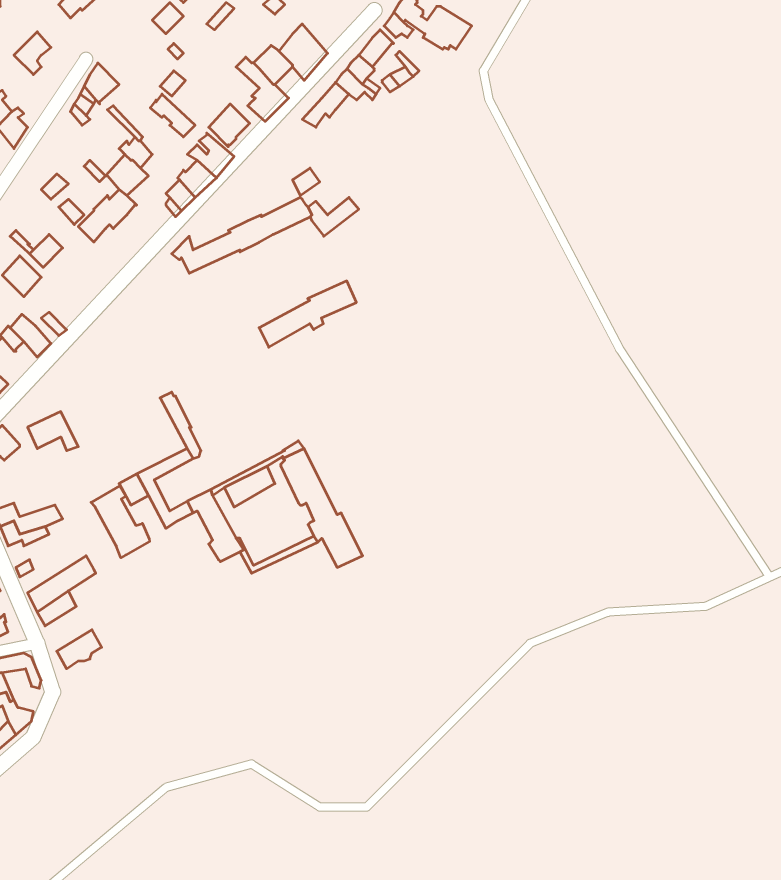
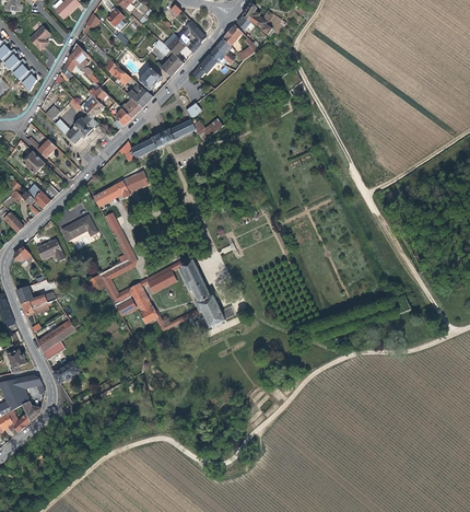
building: [259,281,356,347] -> [94,170,149,207]
building: none -> [62,214,97,240]
building: [91,486,150,558] -> none

